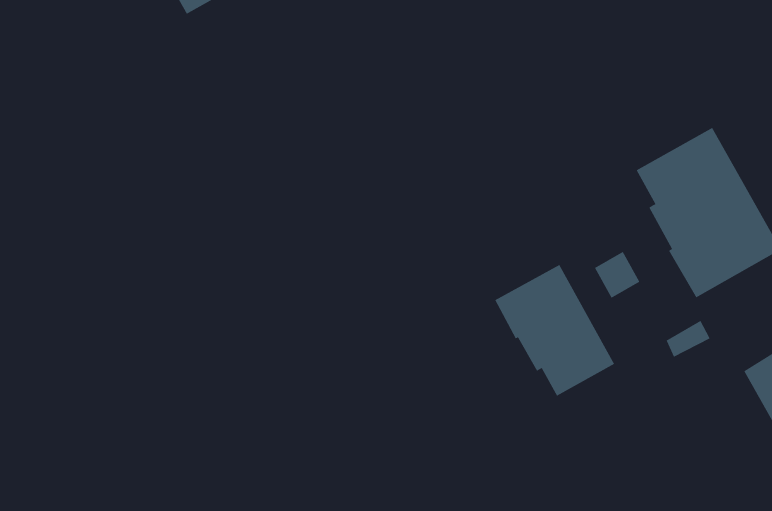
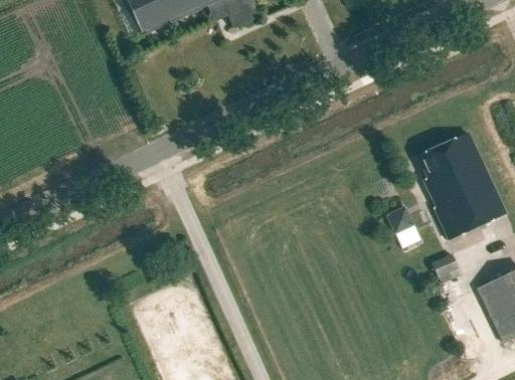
building: [494,264,615,396] -> none

